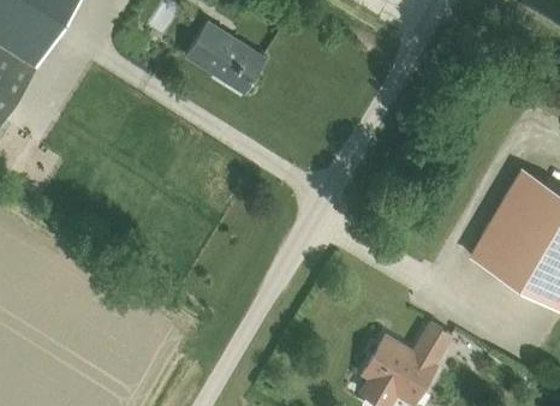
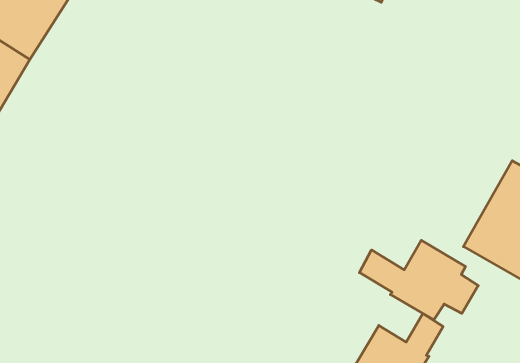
building: [186,24,266,94] -> none
building: none -> [359,240,478,320]

